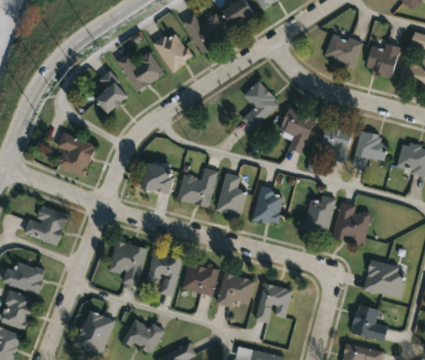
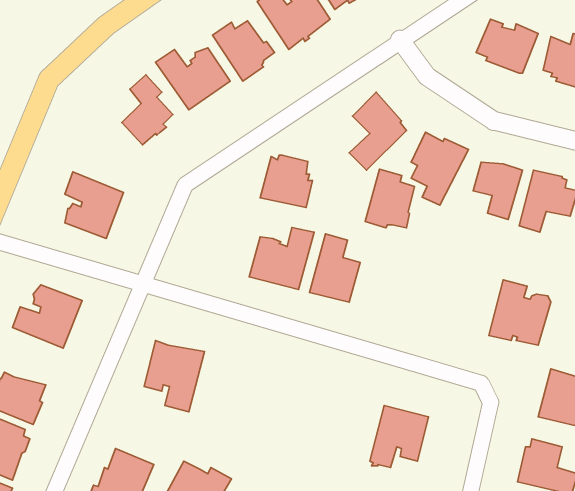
building: [141,160,175,194] -> [260,155,313,208]
building: [252,185,283,223] -> [365,169,414,228]
building: [298,194,337,236] -> none
building: [147,252,183,296] -> none
building: [182,263,220,296] -> none
building: [217,273,255,308] -> none

